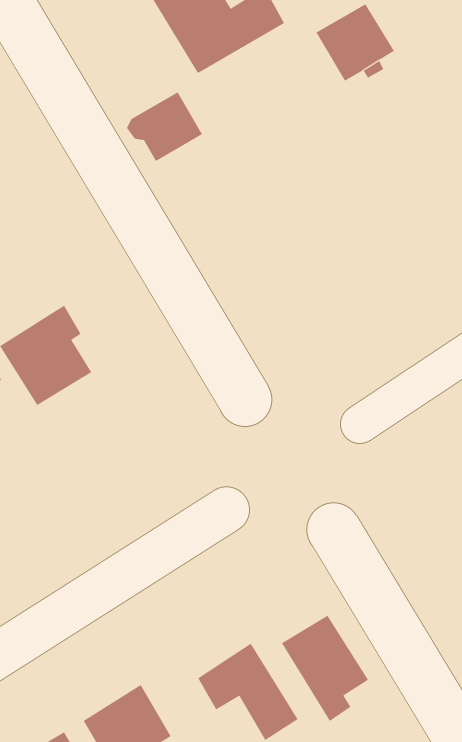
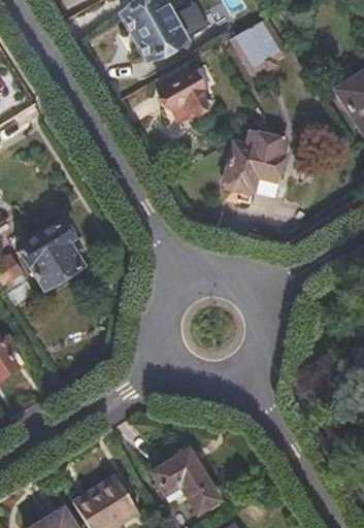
building: [126,91,203,162] -> [158,71,209,119]
building: none -> [222,130,285,200]
building: [281,615,369,722] -> none

